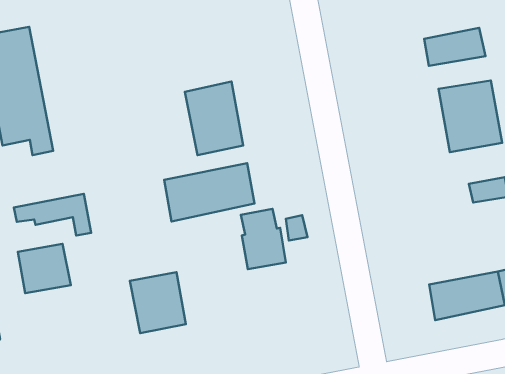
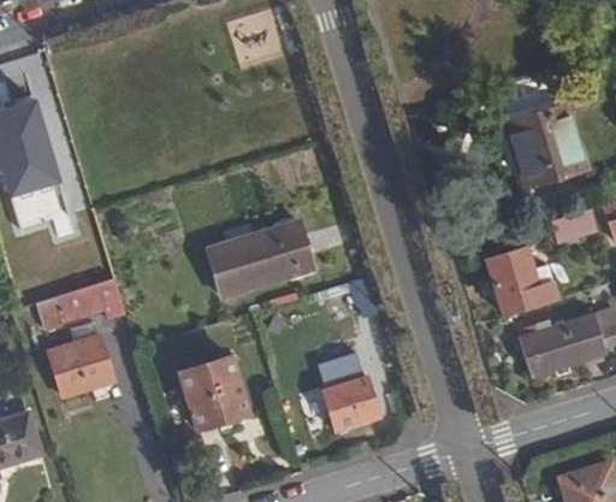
building: [424,28,486,66] -> none
building: [185,82,243,155] -> none
building: none -> [486,248,543,315]
building: [241,209,286,269] -> [319,358,375,429]

